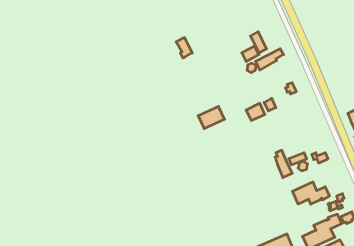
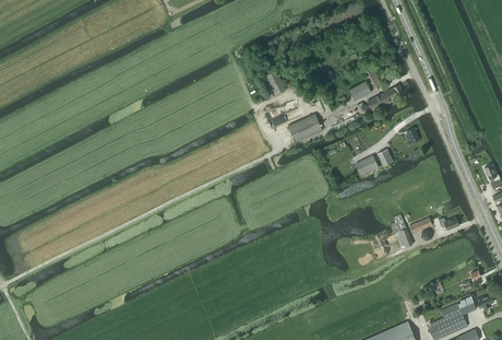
building: [198,106,225,129] -> [287,114,321,142]
building: [292,182,329,204] -> none

